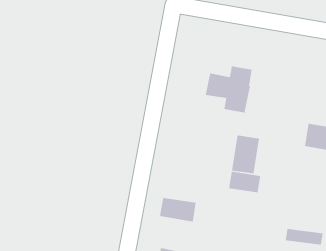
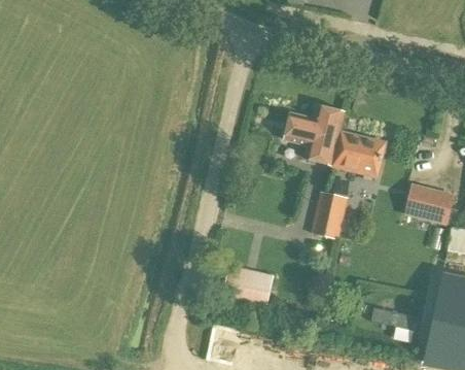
building: none -> [332,132,386,177]
building: [229,171,261,193] -> none

